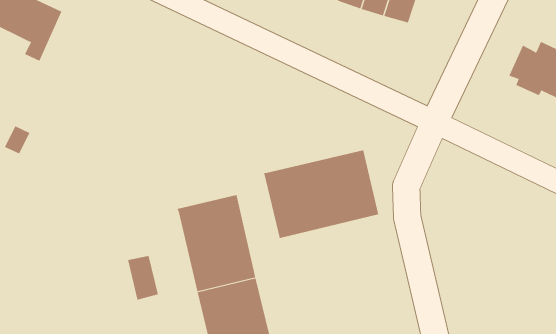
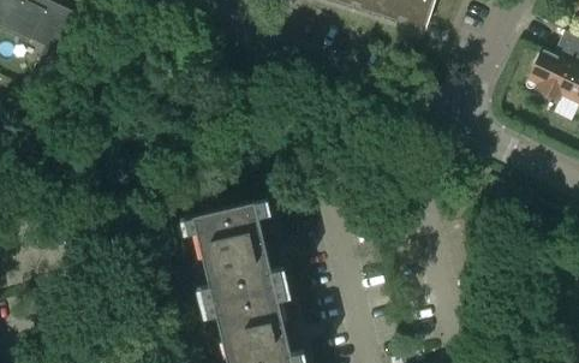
building: [264,149,379,239] -> none
building: [128,255,159,300] -> none

